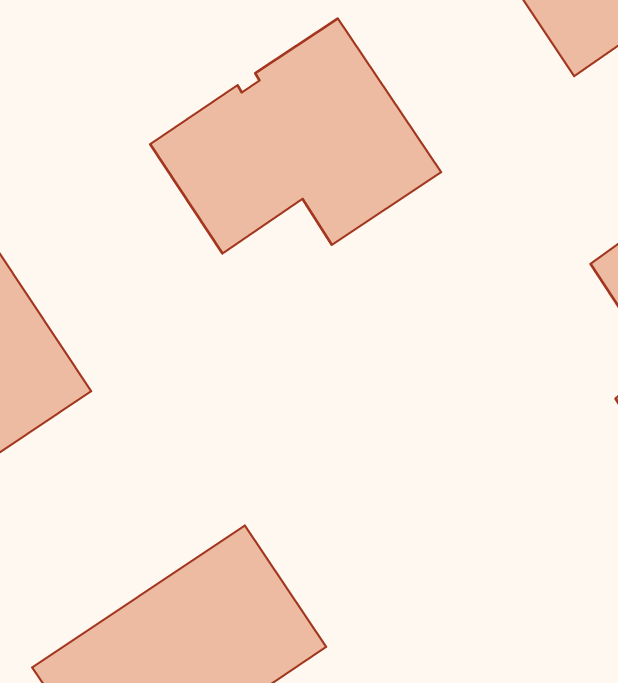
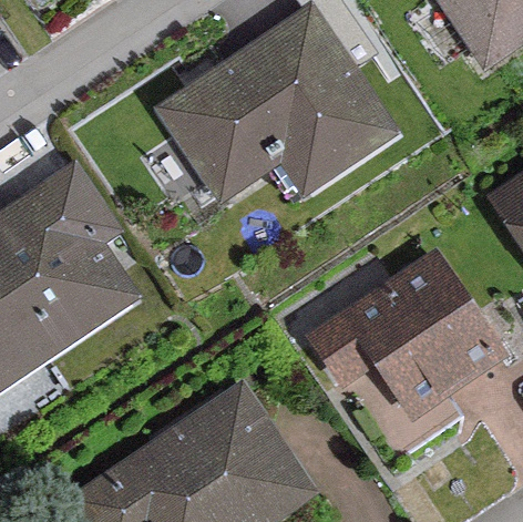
building: none -> [314,258,495,450]

